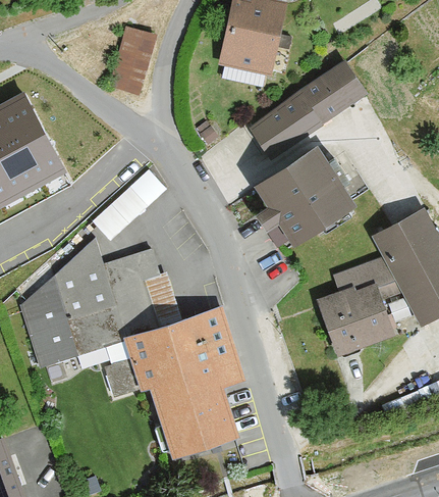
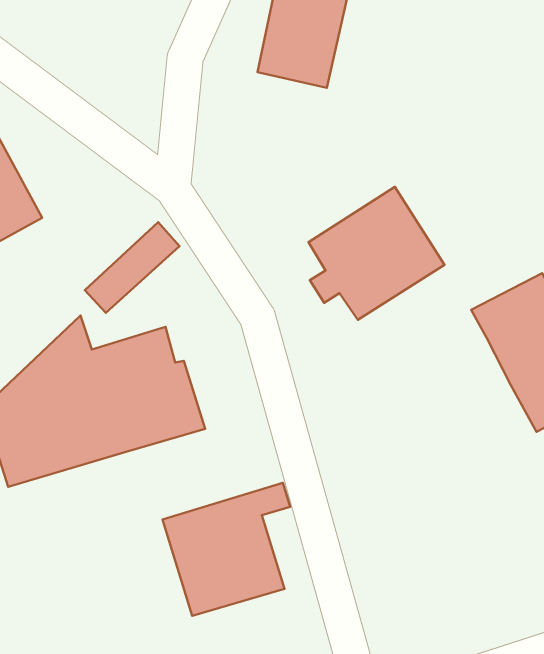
building: [109,28,153,93] -> none
building: [250,61,367,158] -> none
building: [319,256,401,353] -> none
building: [103,308,237,398] -> none

